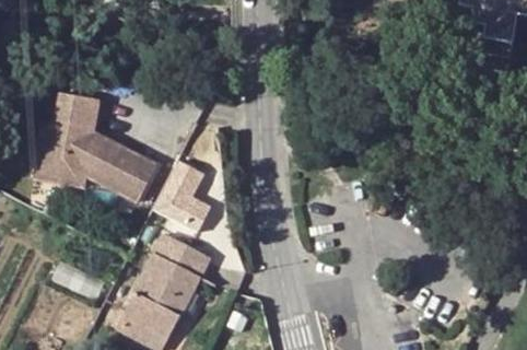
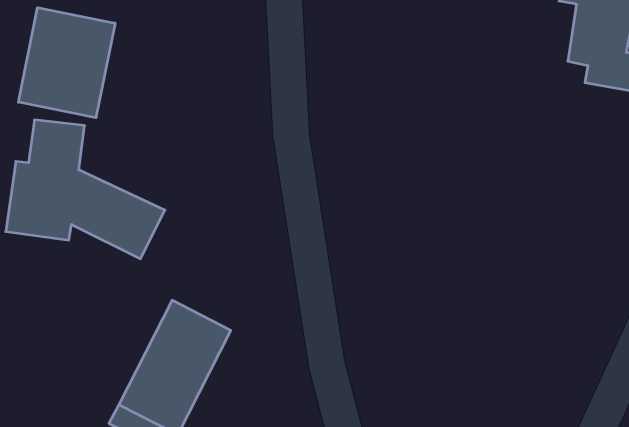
building: none -> [18,8,115,118]
building: [156,158,213,231] -> none

